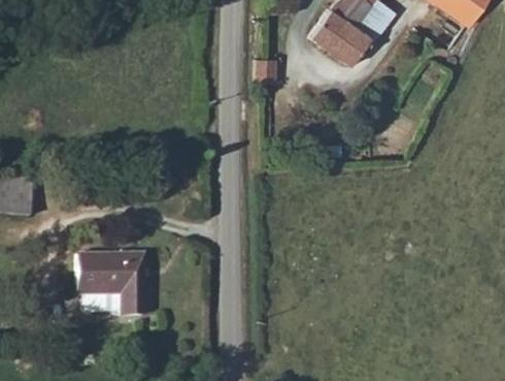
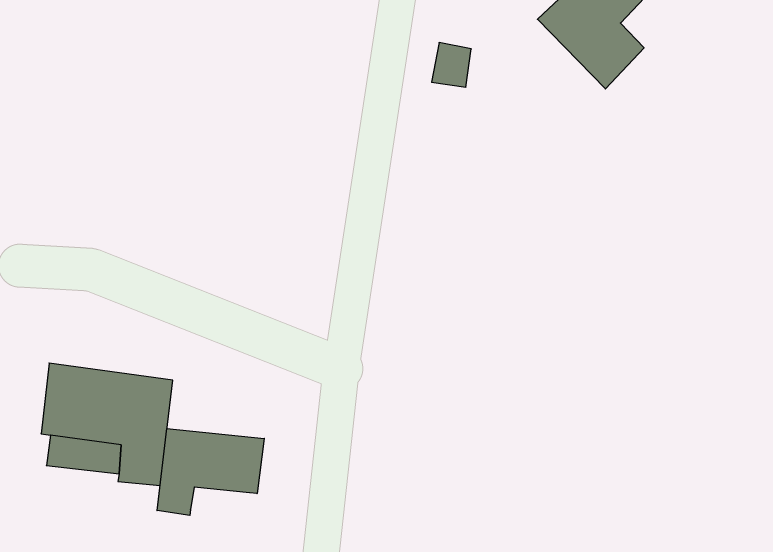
building: none -> [157,428,264,515]

